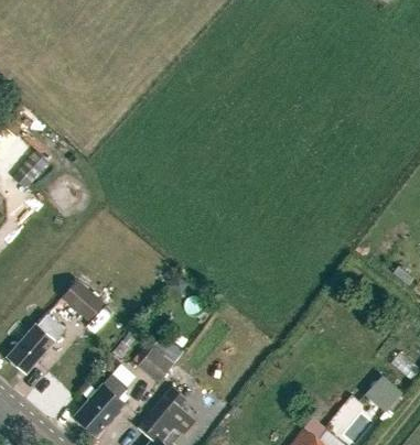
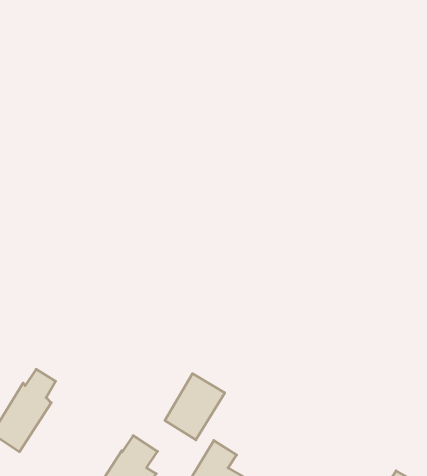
building: [61,281,103,322] -> none

